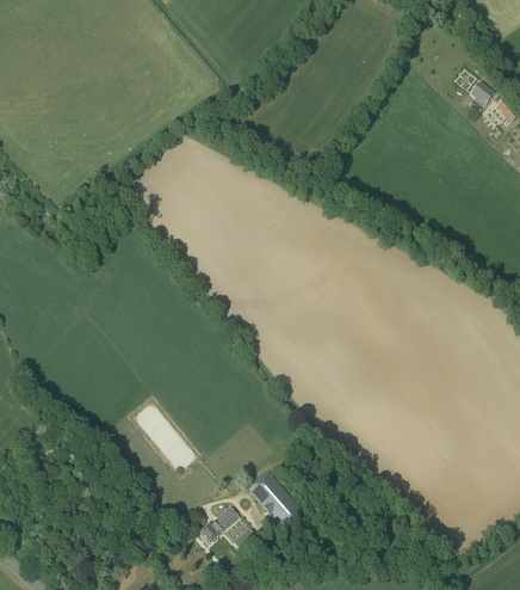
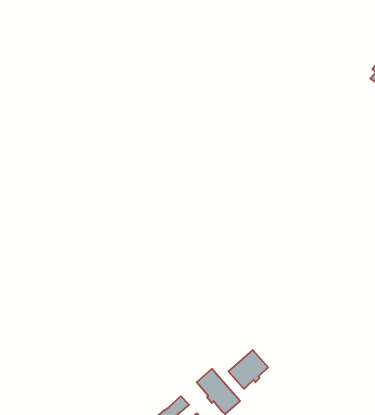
building: none -> [229,350,268,389]

